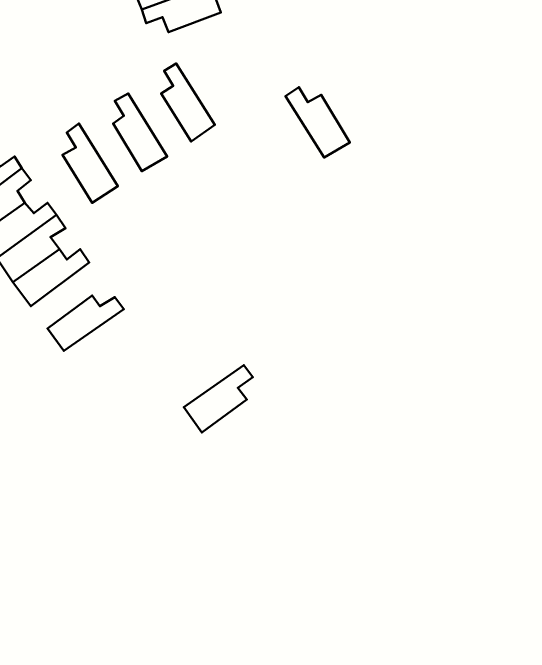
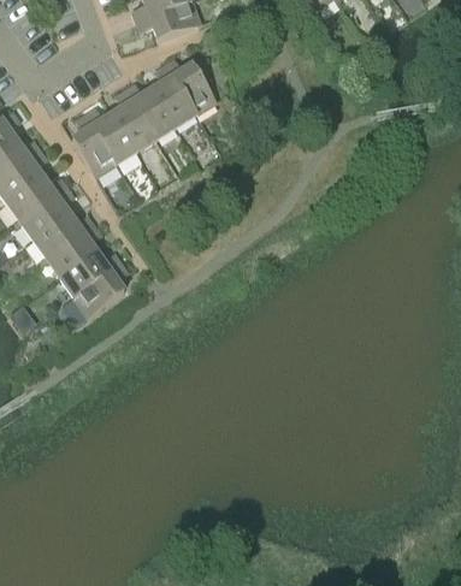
building: none -> [125,82,176,138]
building: [285,87,350,158] -> [164,57,215,113]
building: none -> [85,106,136,162]
building: none -> [47,224,101,277]
building: [184,365,253,433] -> [73,261,129,315]

